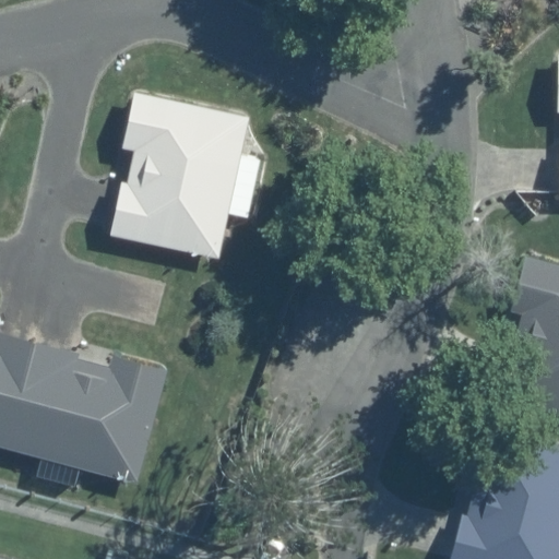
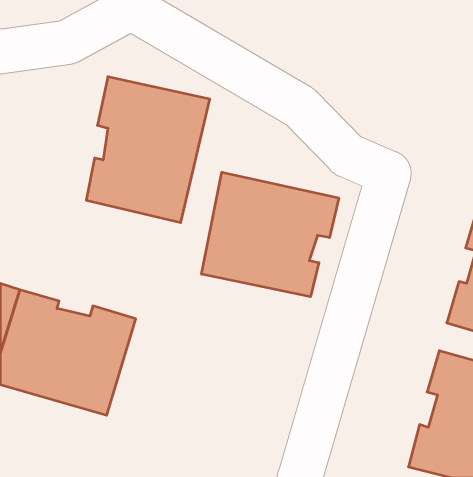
building: none -> [202,172,339,297]

